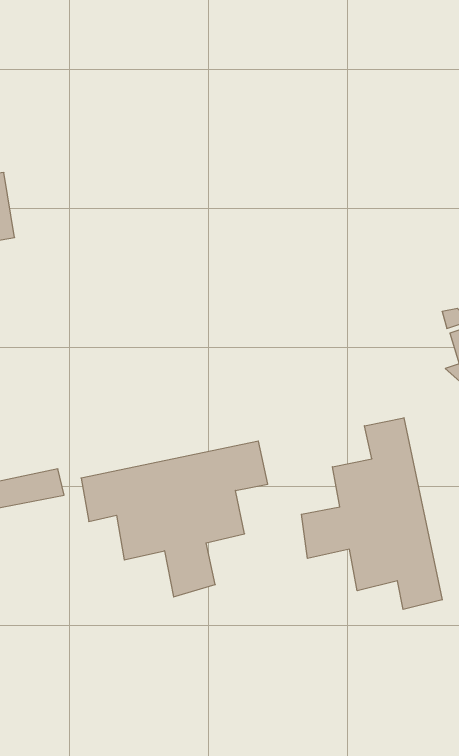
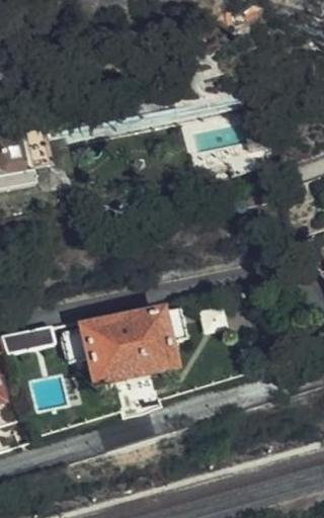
building: [301,418,442,609] -> none

